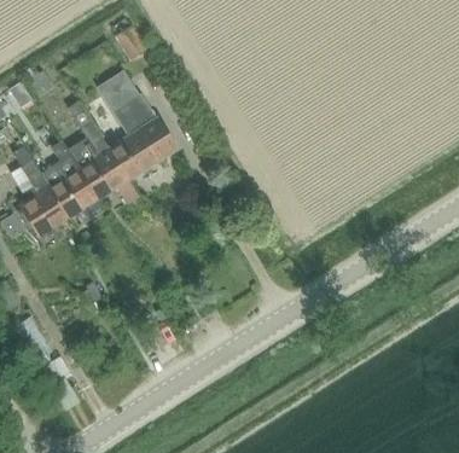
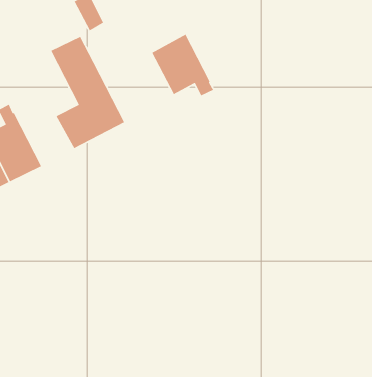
building: none -> [151,34,214,97]
building: [69,101,129,199] -> none

